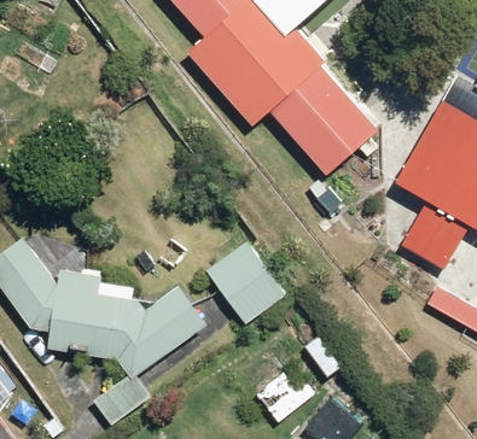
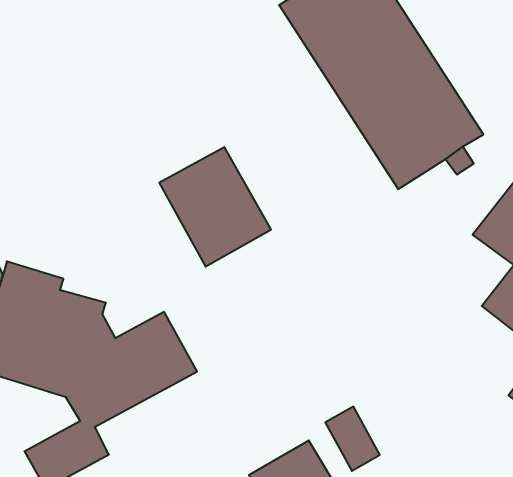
building: [203,238,287,324] -> [159,147,271,267]

